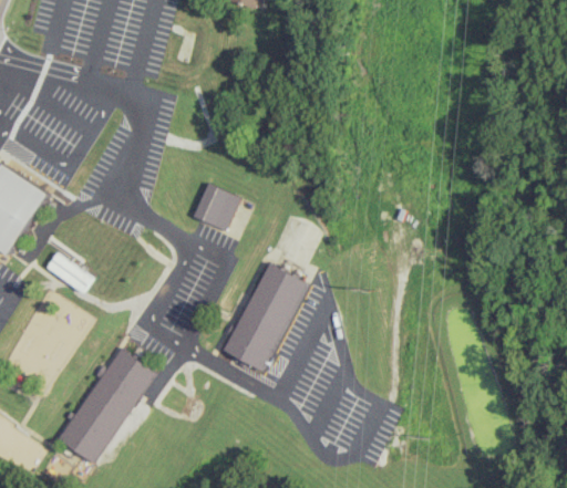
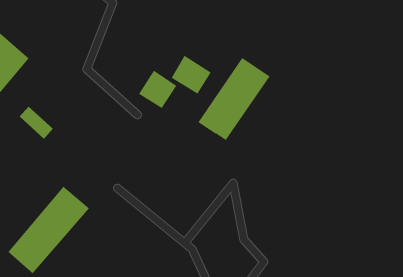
building: none -> [171,55,212,95]
building: [224,262,307,371] -> [198,57,270,141]

